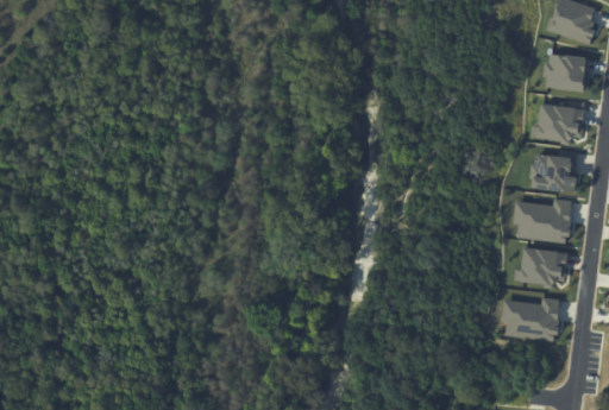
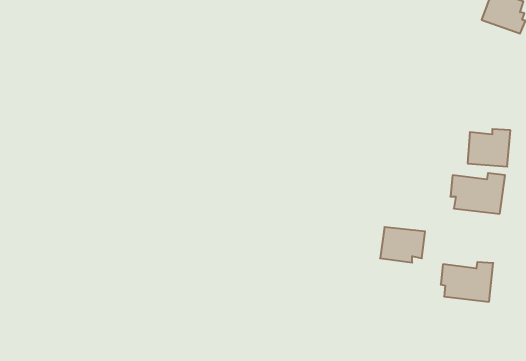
building: [544,53,590,92] -> none
building: [532,100,585,146] -> none
building: [519,247,569,286] -> [380,227,425,263]

